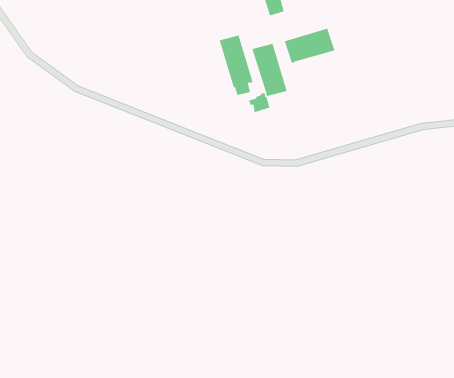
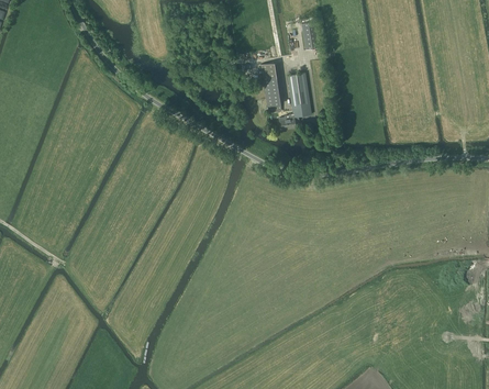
building: [284,28,335,64] -> none

